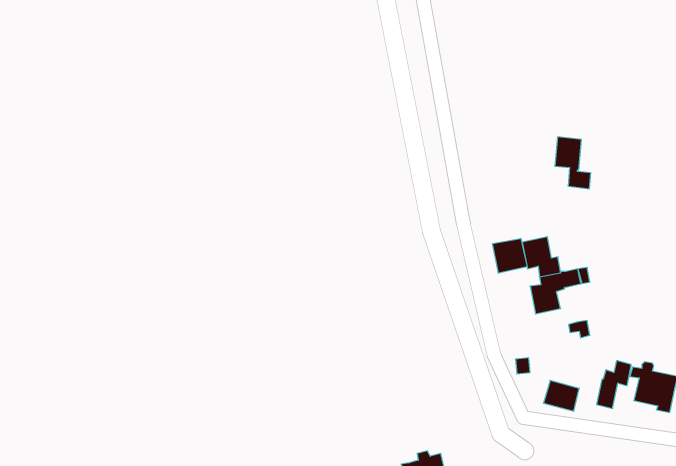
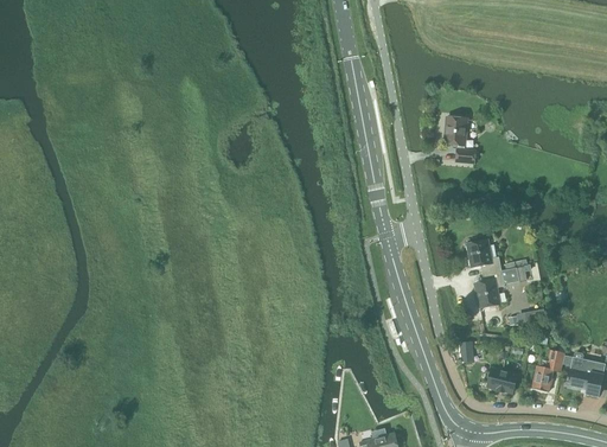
building: [555,137,591,189] -> [443,116,475,162]
building: [492,238,527,273] -> none

